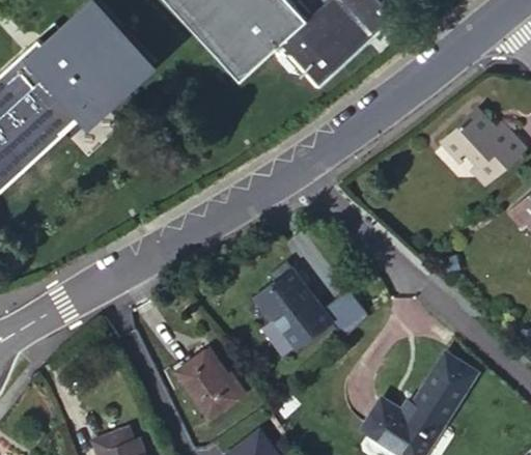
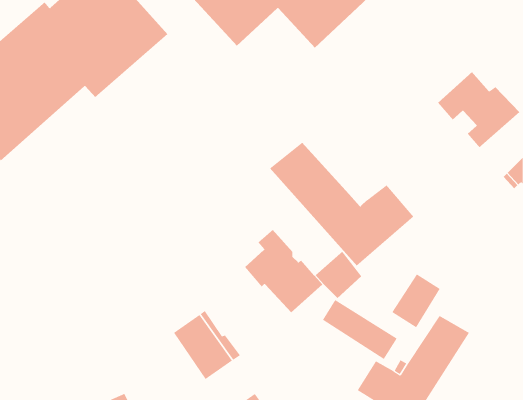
building: none -> [269,142,414,267]
building: none -> [392,273,441,328]
building: none -> [322,299,398,360]

